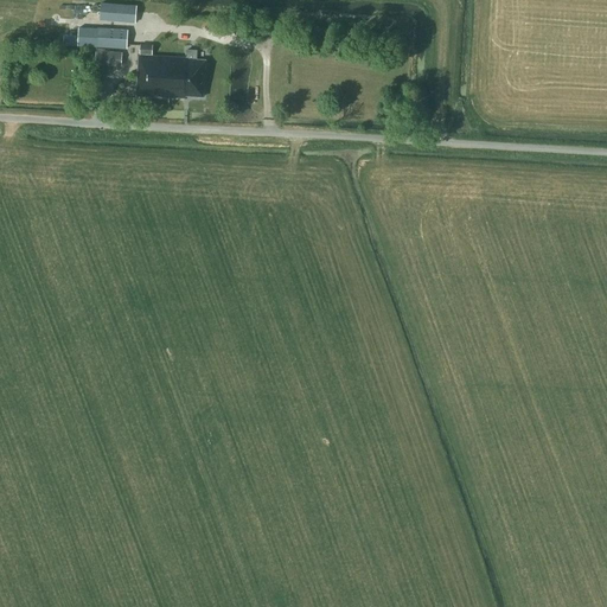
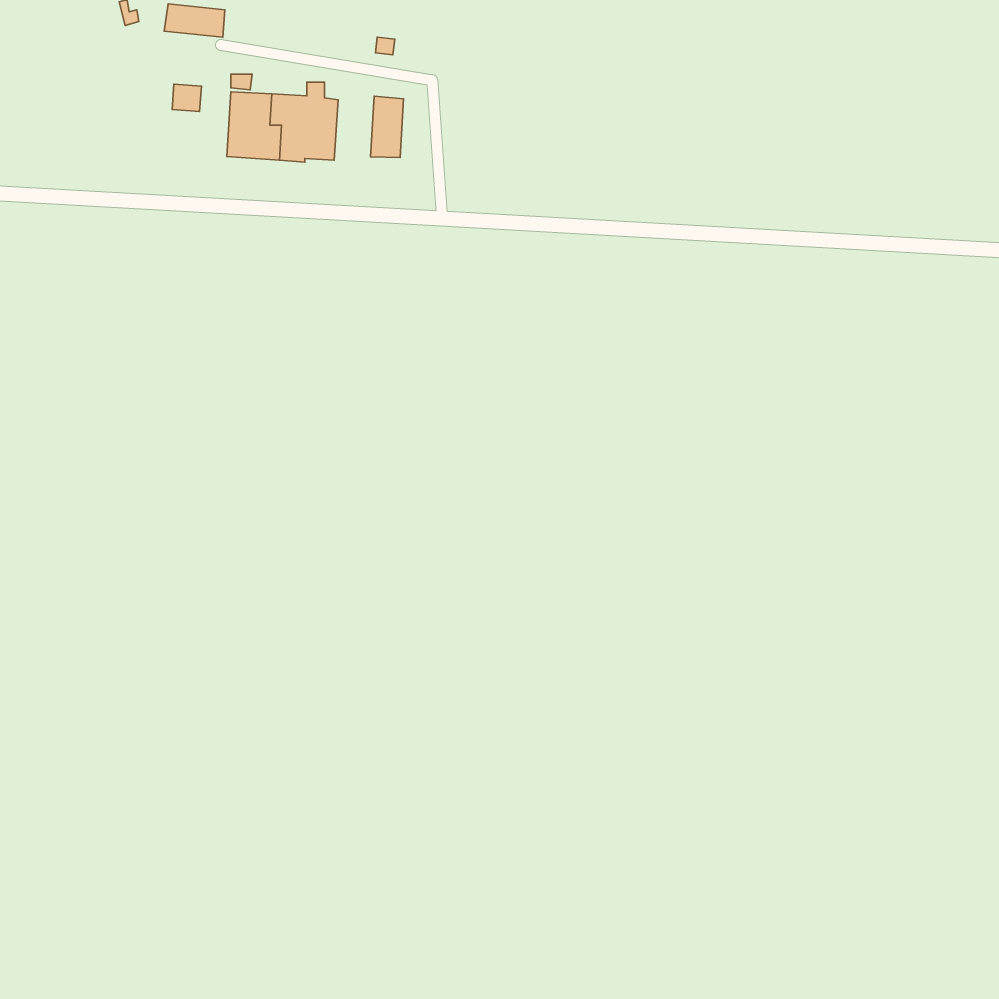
building: [63,28,127,49] -> none
building: none -> [370,96,404,157]

